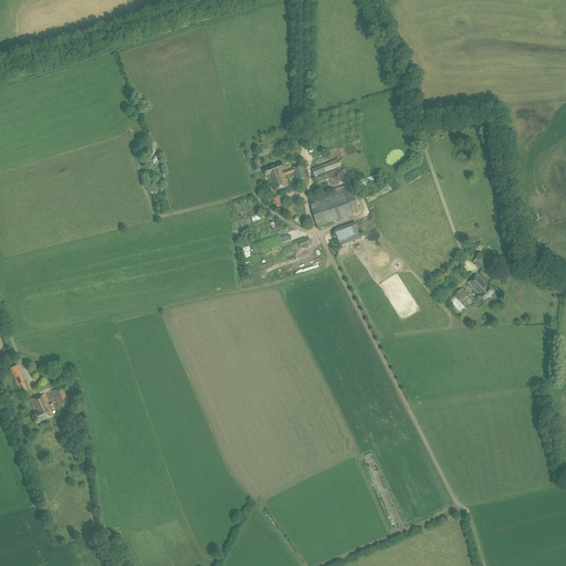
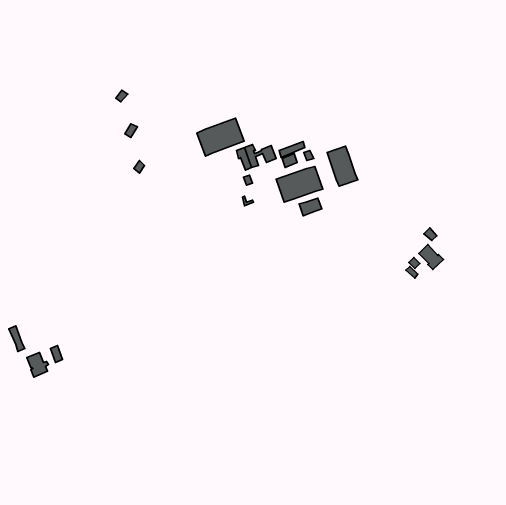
building: none -> [197,118,244,156]
building: none -> [327,146,358,186]

